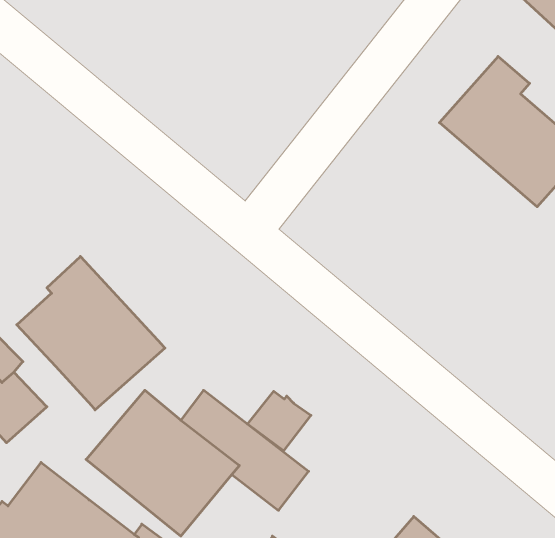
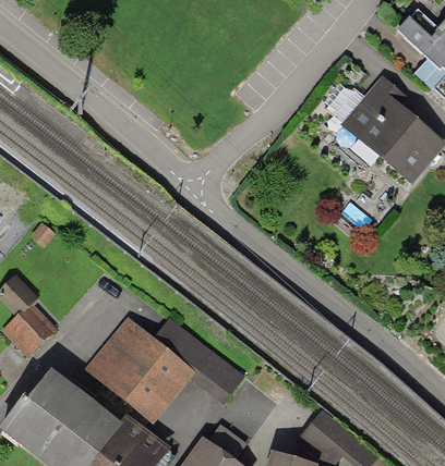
building: [17,256,165,410] -> none
building: [247,391,311,451] -> none

